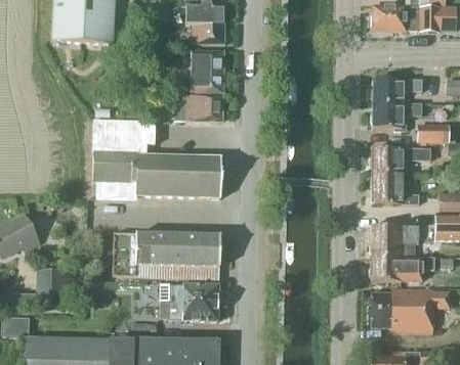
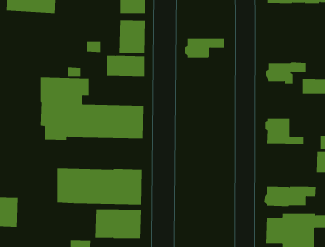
building: [372,78,422,102] -> [184,38,225,58]
building: [371,146,431,171] -> none
building: [371,223,419,256] -> none

